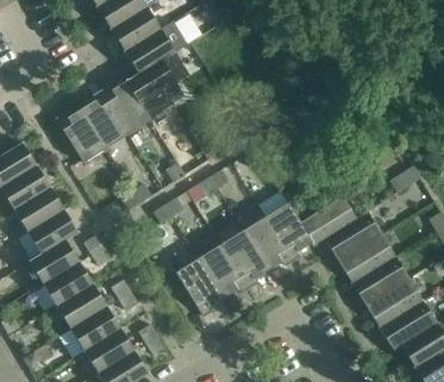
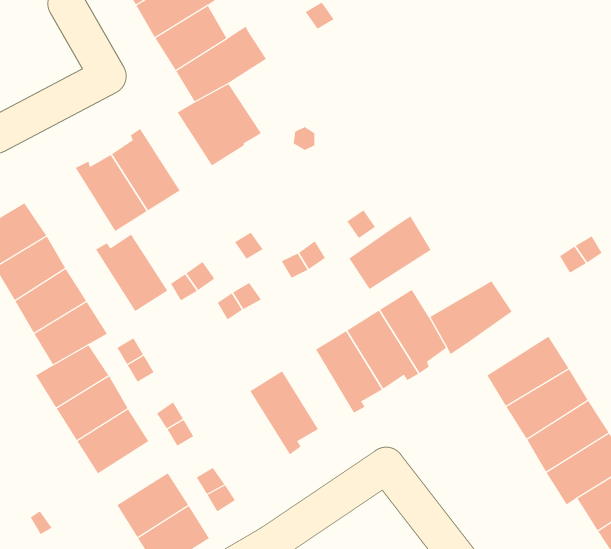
building: [101,81,151,134] -> [95,234,168,312]
building: [325,211,382,262] -> [348,215,432,290]
building: [199,244,248,299] -> none
building: [71,307,120,351] -> none

